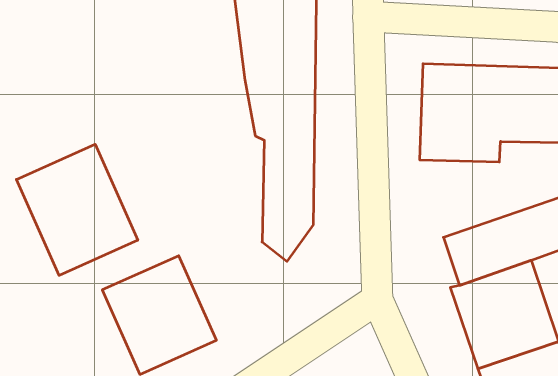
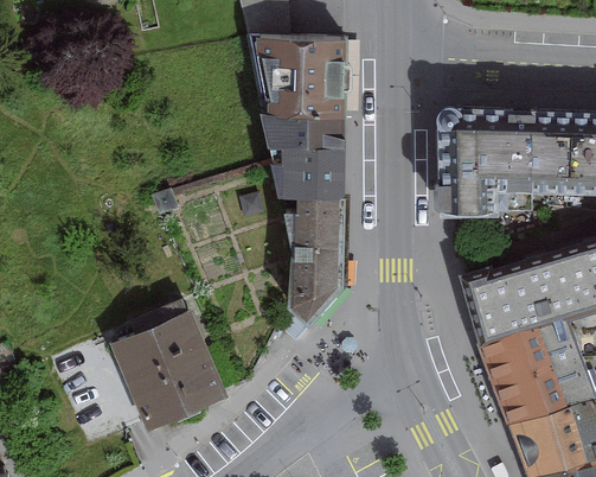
building: [16,144,138,275] -> none

